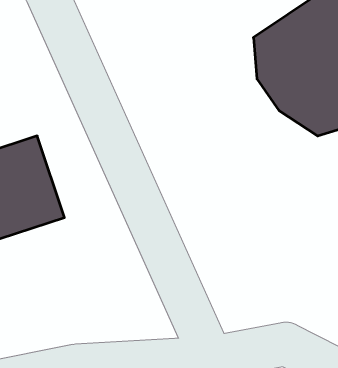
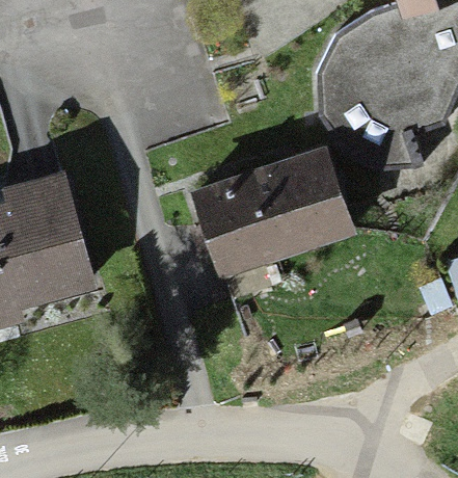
building: none -> [196,148,349,271]

